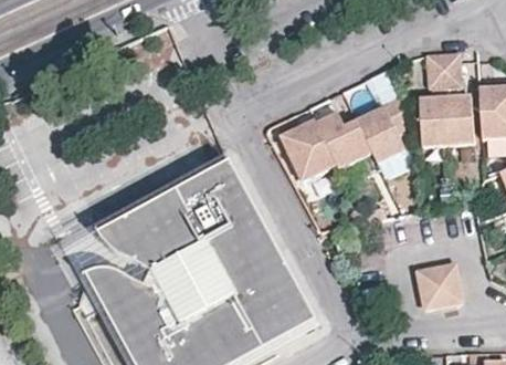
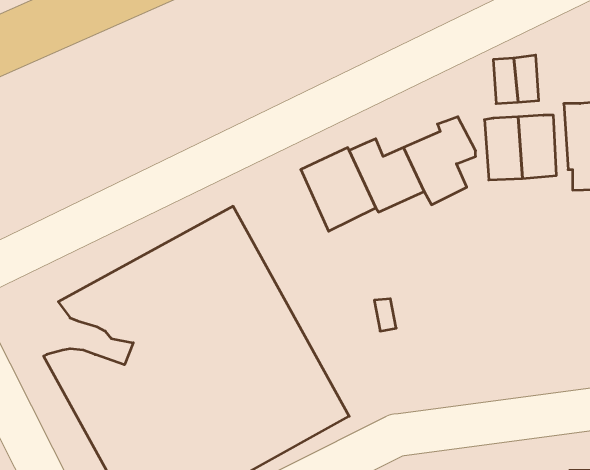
building: [86,234,154,282] -> none
building: [415,259,461,300] -> none

